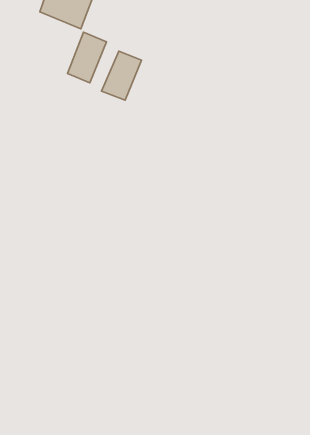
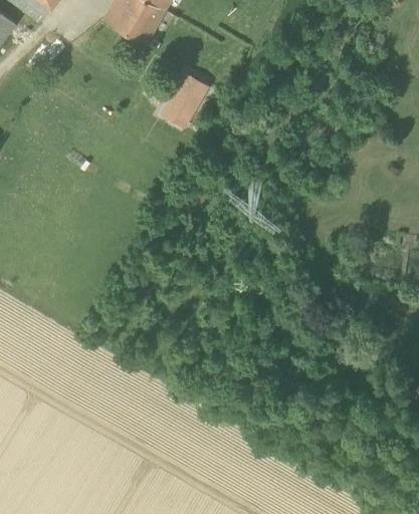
building: [67,32,107,83] -> none

